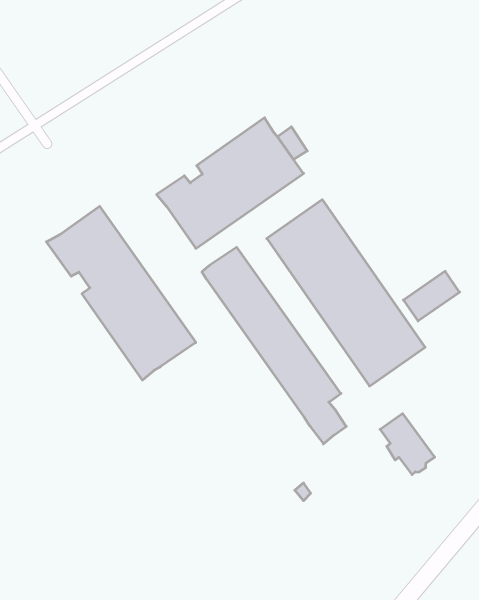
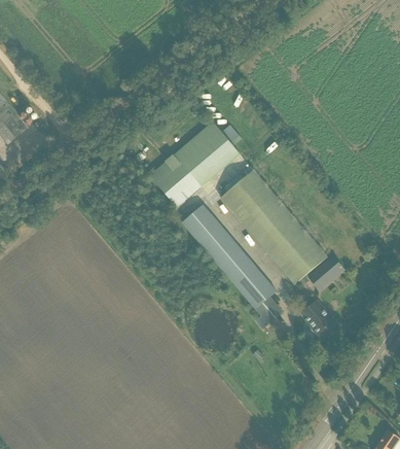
building: [46,206,196,380] -> none
building: [403,271,460,321] -> [308,257,343,290]

